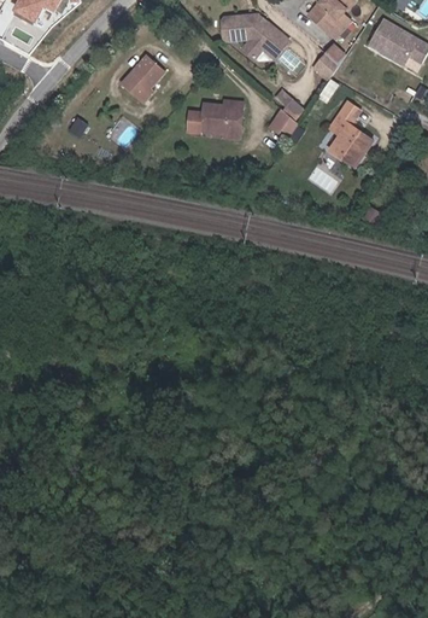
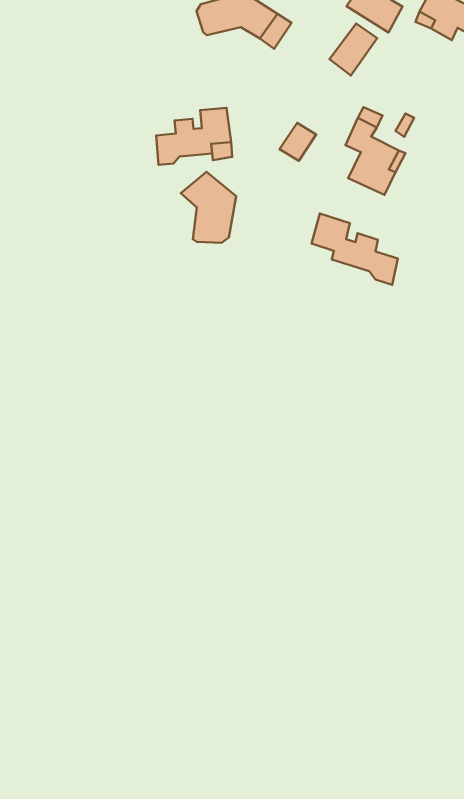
building: [125,51,168,94] -> none
building: none -> [181,172,236,243]
building: none -> [311,214,398,285]

